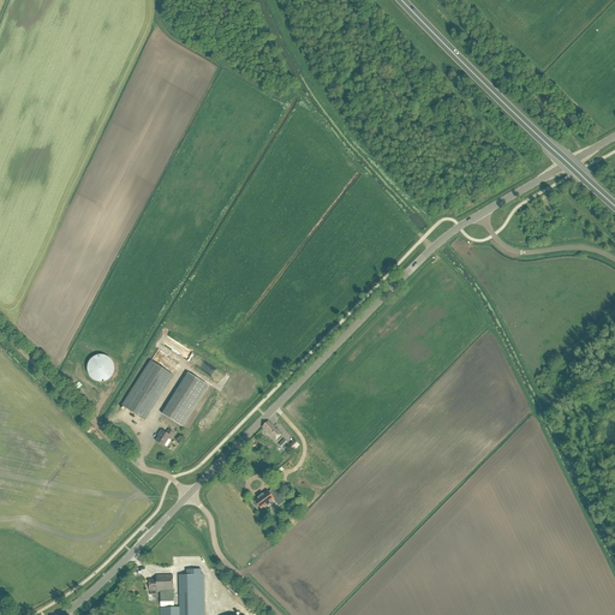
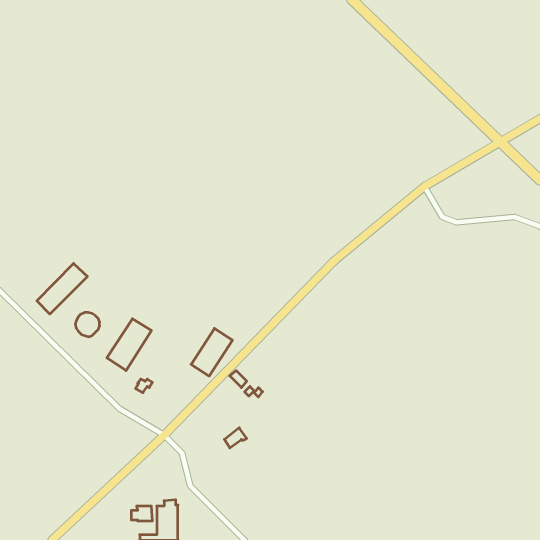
building: none -> [37,263,87,314]
building: [161,372,208,426] -> [191,328,232,376]

